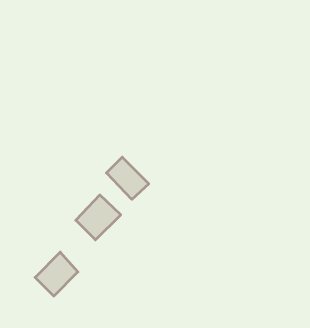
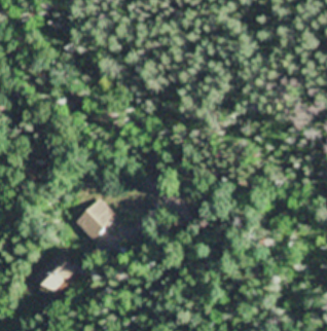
building: [106,157,149,199] -> none

